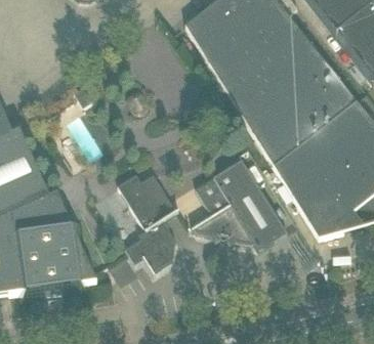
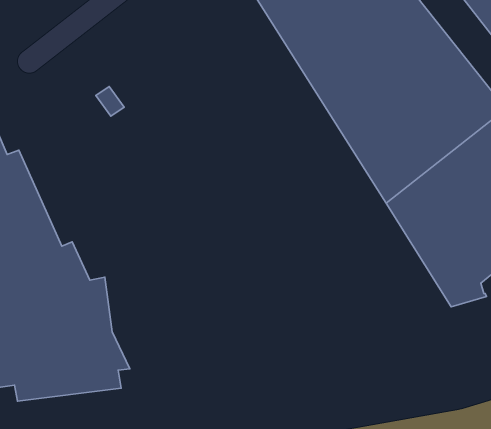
building: [189,159,287,249] -> none
building: [117,172,176,273] -> none

